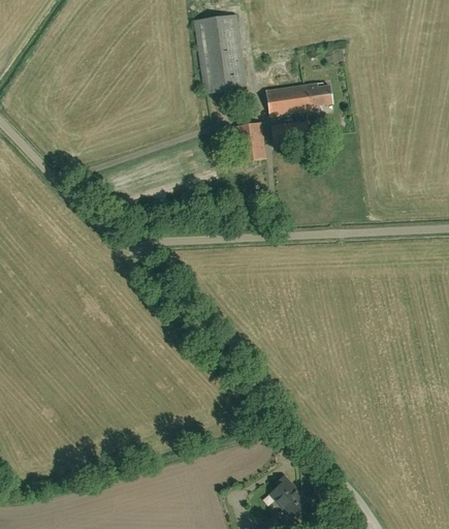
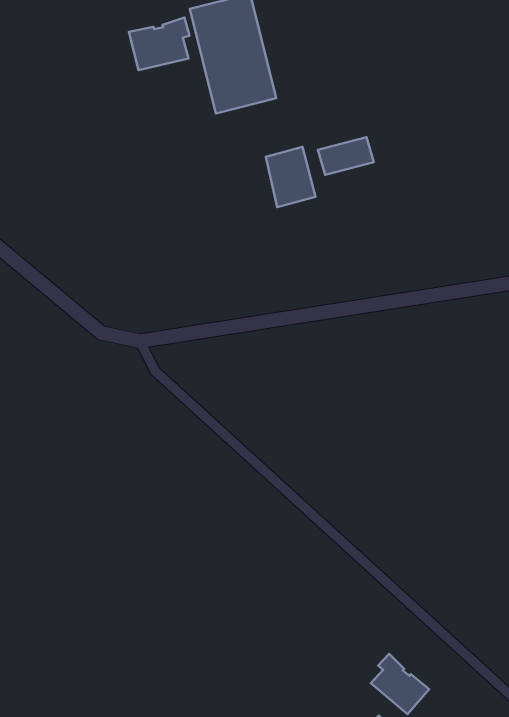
building: none -> [129,18,190,70]
building: [265,82,331,116] -> none

